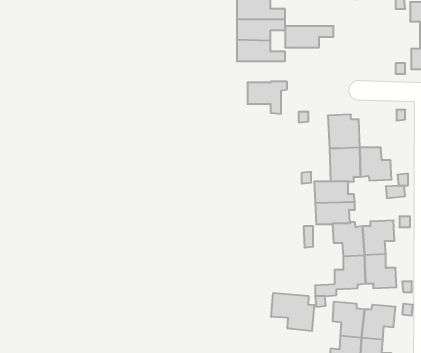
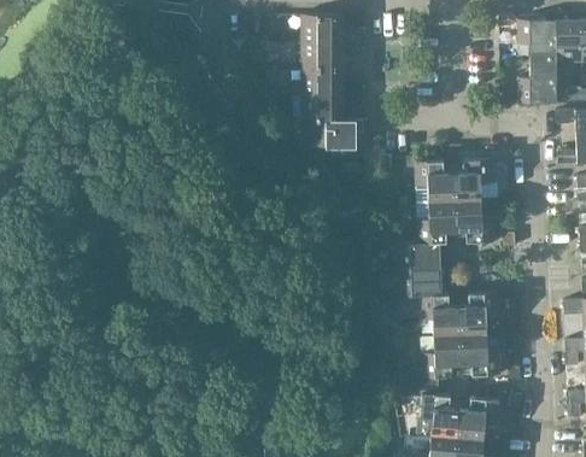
building: [285,26,334,47] -> [303,93,363,119]
building: none -> [455,158,493,200]
building: [271,293,314,331] -> none

